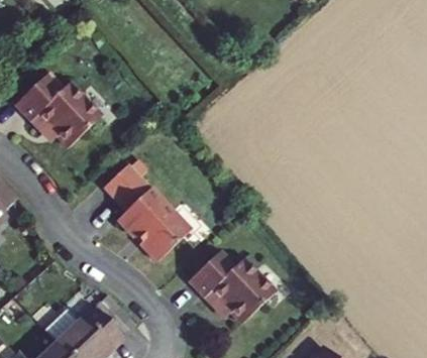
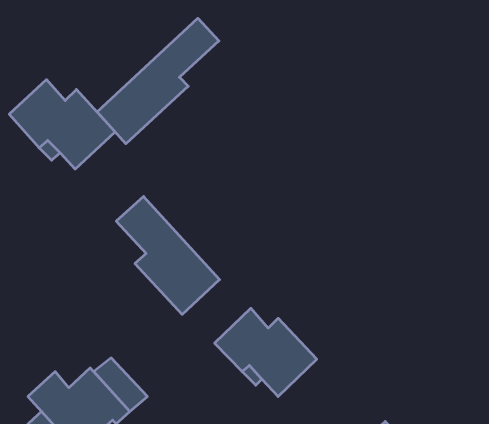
building: none -> [97,18,219,144]

